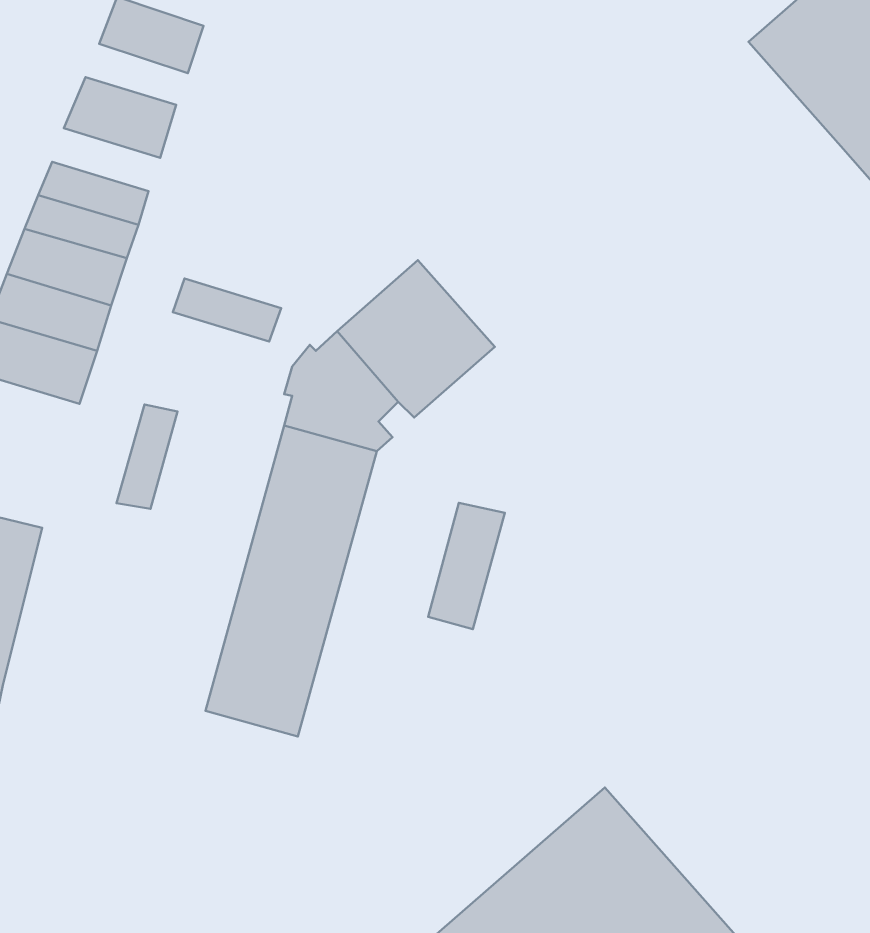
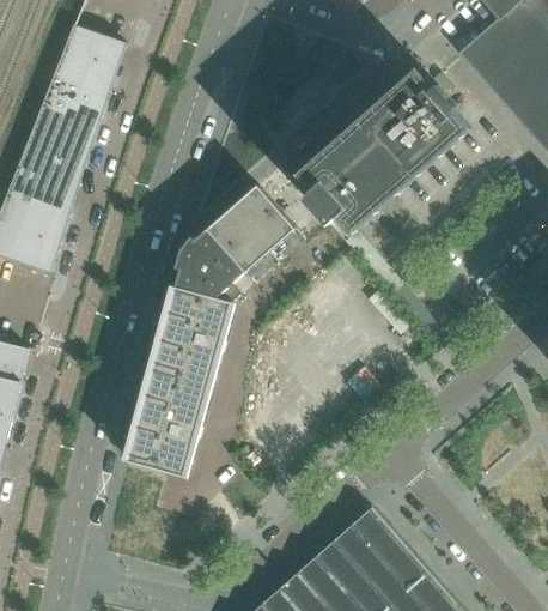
building: none -> [54,54,116,91]
building: none -> [282,80,456,225]
building: [173,279,281,342] -> [34,105,99,144]
building: [117,404,177,509] -> none
building: [428,503,505,629] -> none

